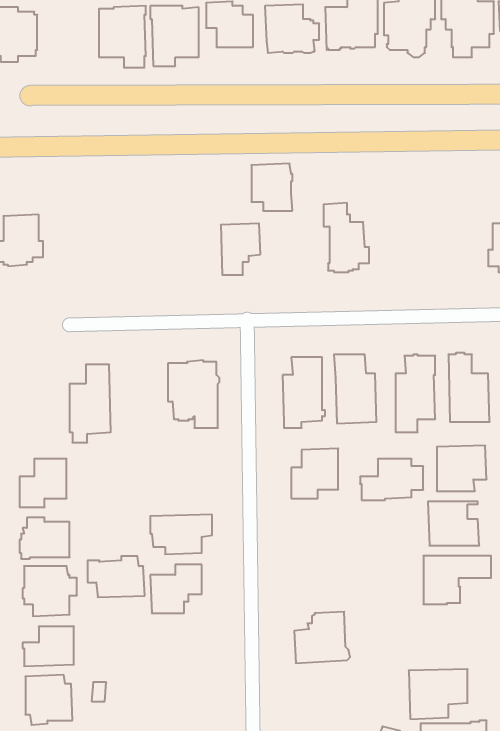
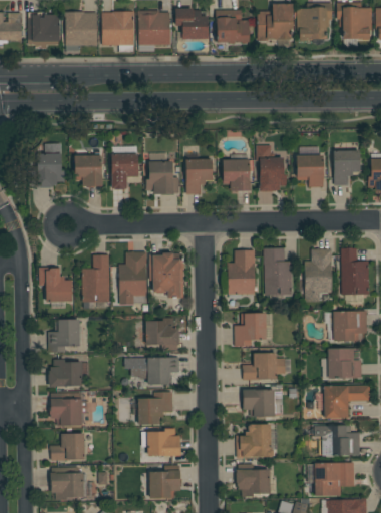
building: none -> [66,11,97,52]
building: [251,164,292,211] -> [223,158,251,190]
building: none -> [333,150,360,184]
building: none -> [111,152,138,189]
building: none -> [75,154,103,186]
building: none -> [296,154,324,186]
building: none -> [146,161,178,194]
building: none -> [118,250,147,304]
building: none -> [39,266,72,302]
building: none -> [145,317,179,350]
building: [360,459,423,500] -> [242,352,285,380]
building: [88,556,145,597] -> [141,428,180,456]
building: none -> [243,389,280,421]
building: none -> [320,425,360,455]
building: none -> [236,463,270,496]
building: none -> [141,465,181,498]

